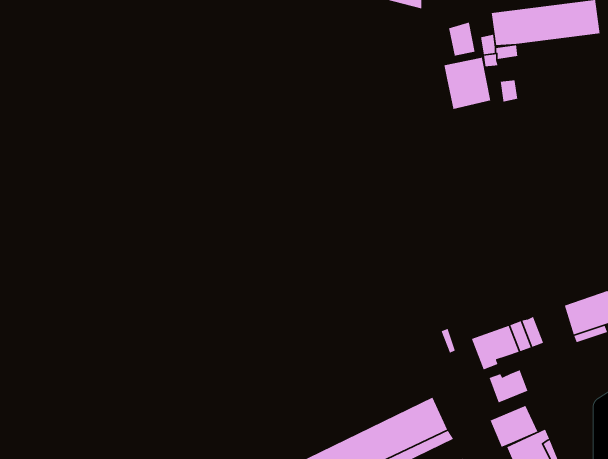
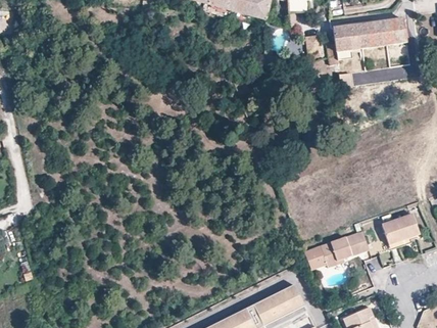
building: [443,57,491,110] -> none
building: [488,369,528,403] -> none
building: [490,405,538,448] -> none

